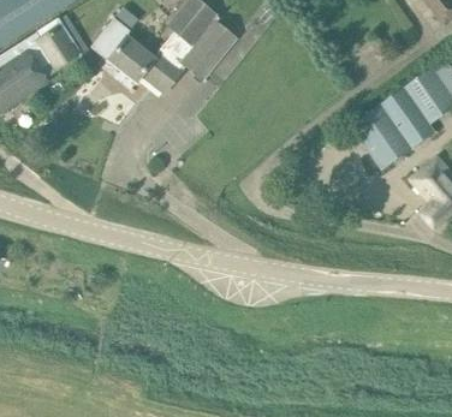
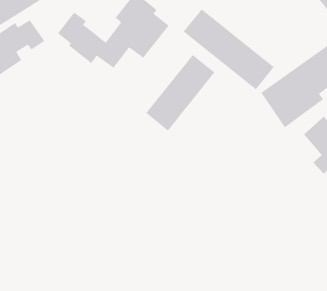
building: none -> [183,9,275,90]
building: none -> [145,54,215,131]

